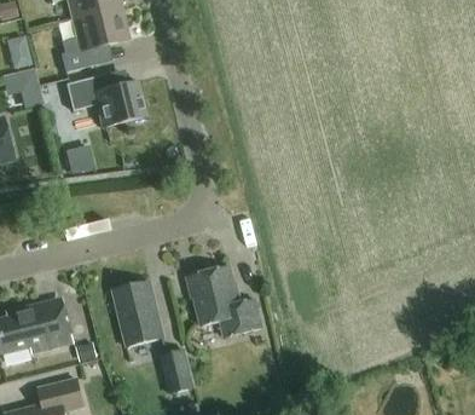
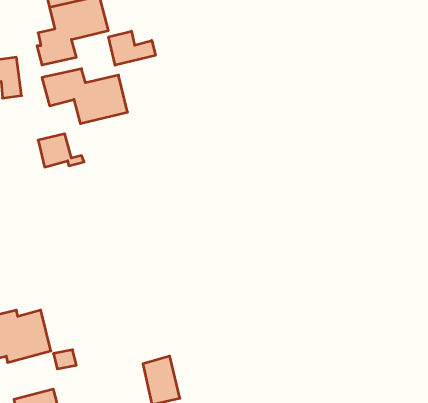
building: none -> [109,31,155,65]
building: [185,266,261,336] -> none
building: [111,281,163,346] -> none

